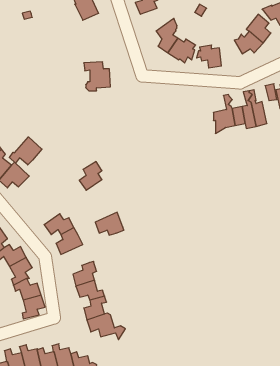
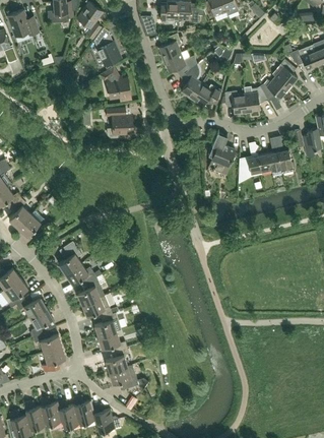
building: none -> [164,53,197,76]
building: none -> [100,66,131,101]
building: none -> [245,85,268,112]
building: none -> [208,130,235,173]
building: [9,137,42,165] -> none
building: [79,162,102,190] -> [58,245,81,274]
building: [95,212,124,235] -> [82,295,112,318]

